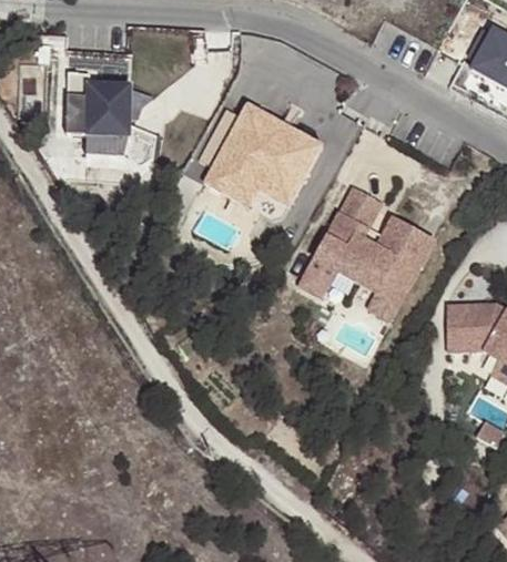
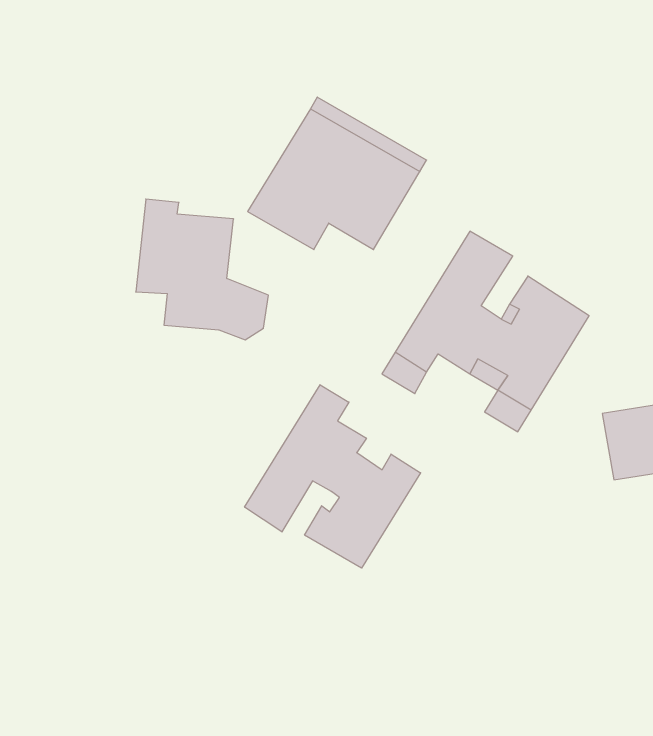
building: [67,67,155,161] -> [136,199,268,340]
building: none -> [245,385,421,568]

